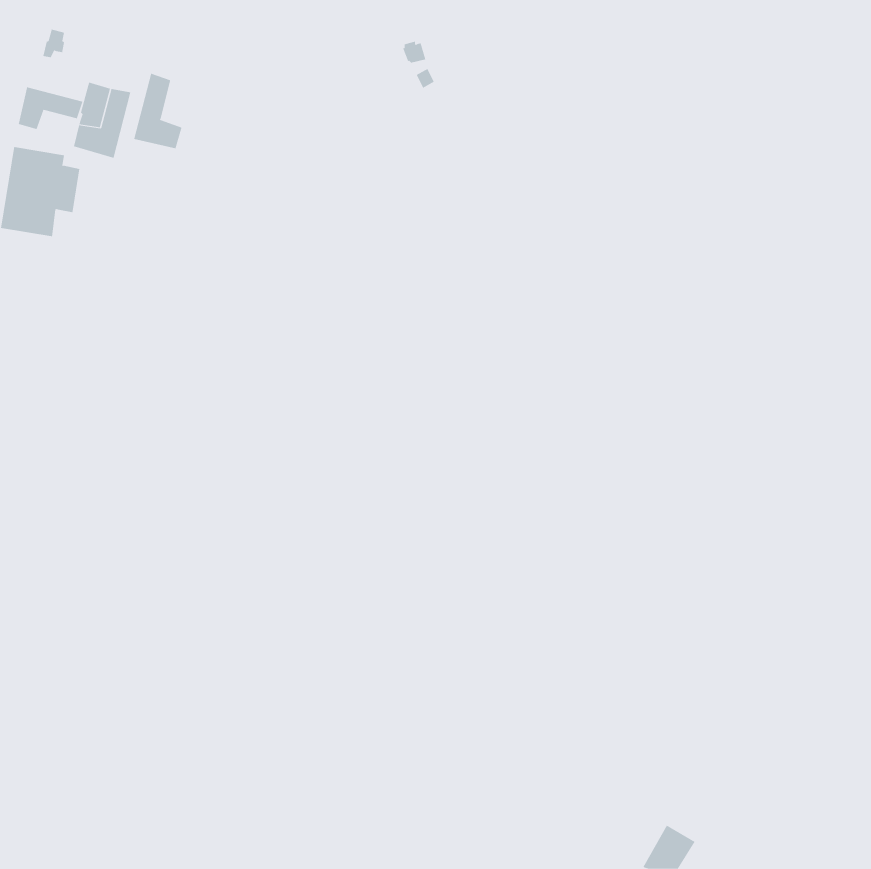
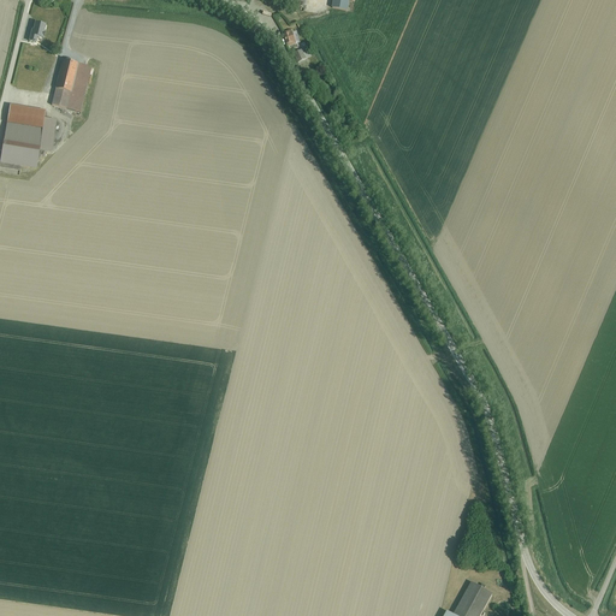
building: [133,73,182,149] -> none
building: [18,87,83,130] -> none

